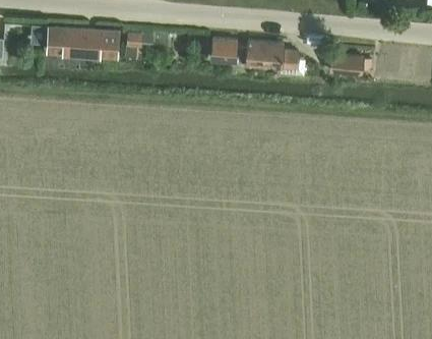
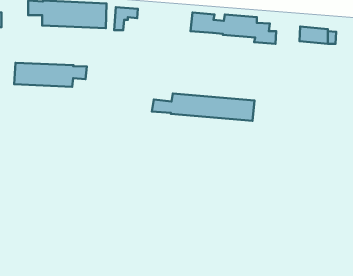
building: none -> [14,63,87,87]
building: none -> [152,93,255,121]

